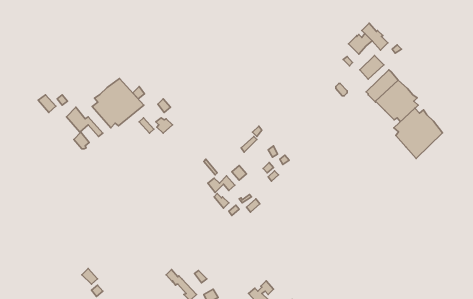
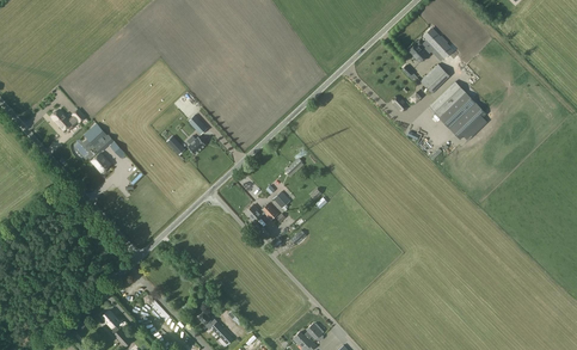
building: [92,79,144,128] -> none
building: [394,108,443,158] -> none

